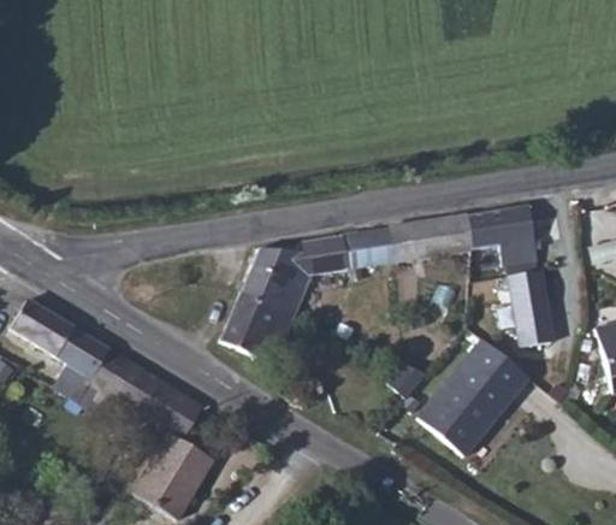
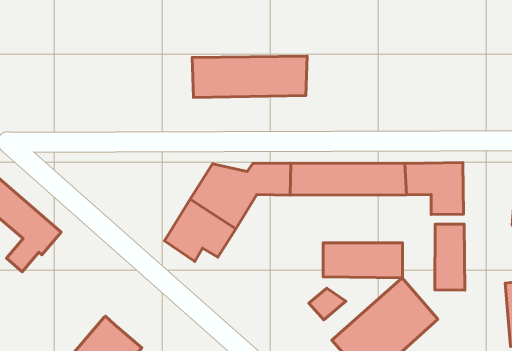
building: none -> [192,56,307,98]
building: none -> [323,243,403,278]
building: [73,348,202,438] -> none

